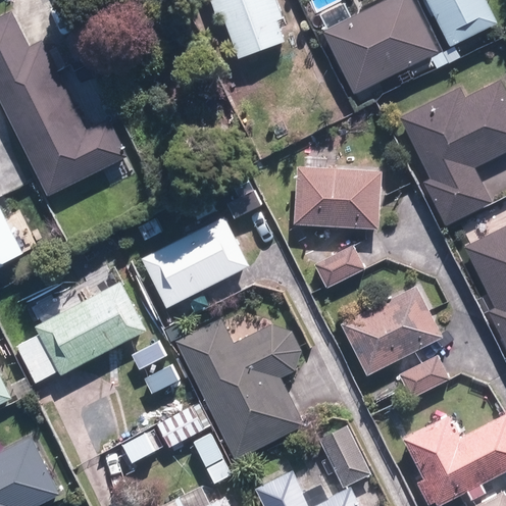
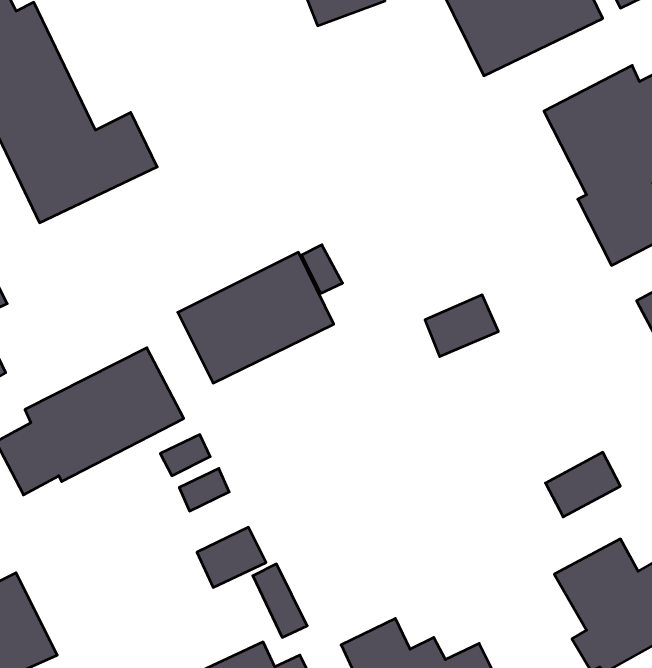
building: [290,167,383,230] -> none
building: [340,286,443,375] -> none
building: [175,320,304,460] -> none
building: [319,424,371,488] -> none

